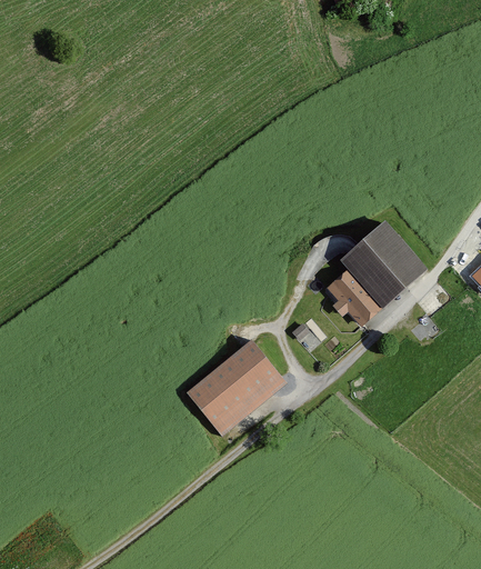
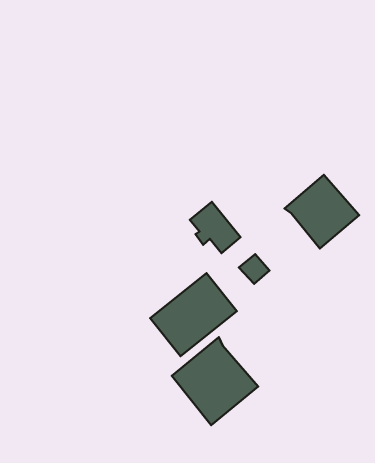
building: [324,267,383,327] -> [190,202,241,253]
building: none -> [172,337,258,425]

